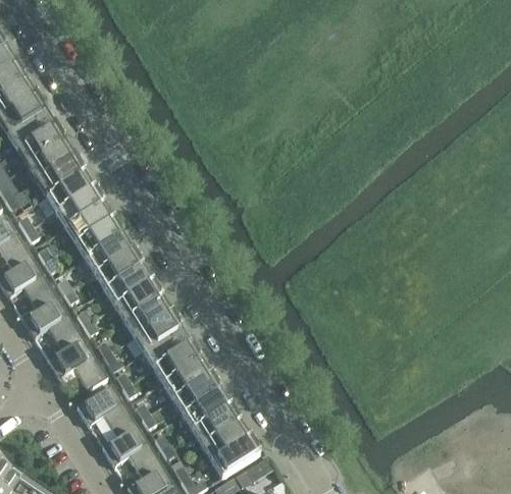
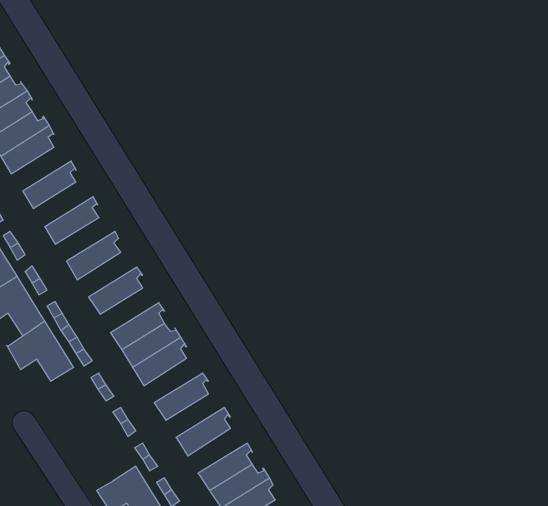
building: [27,143,80,181] -> none
building: [46,173,99,213] -> none
building: [65,205,118,243] -> none
building: [85,235,138,275] -> none
building: [105,267,157,307] -> none
building: [144,329,196,369] -> none
building: [47,337,107,391] -> none
building: [163,361,215,399] -> none
building: [76,384,137,438] -> none
building: [183,391,236,431] -> none

